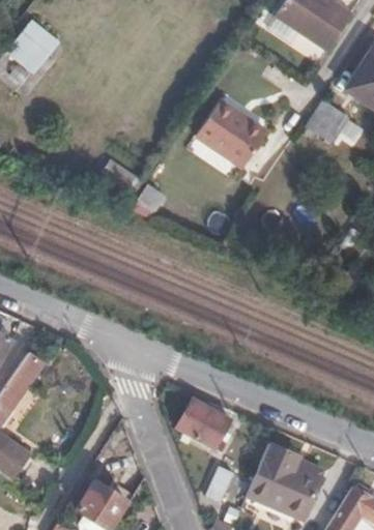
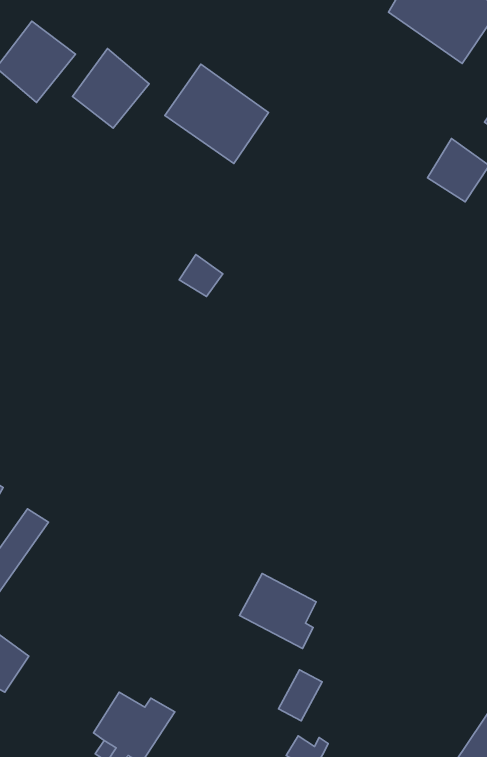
building: none -> [73,49,149,128]
building: [196,97,267,166] -> [165,64,269,164]
building: [248,443,320,516] -> none

